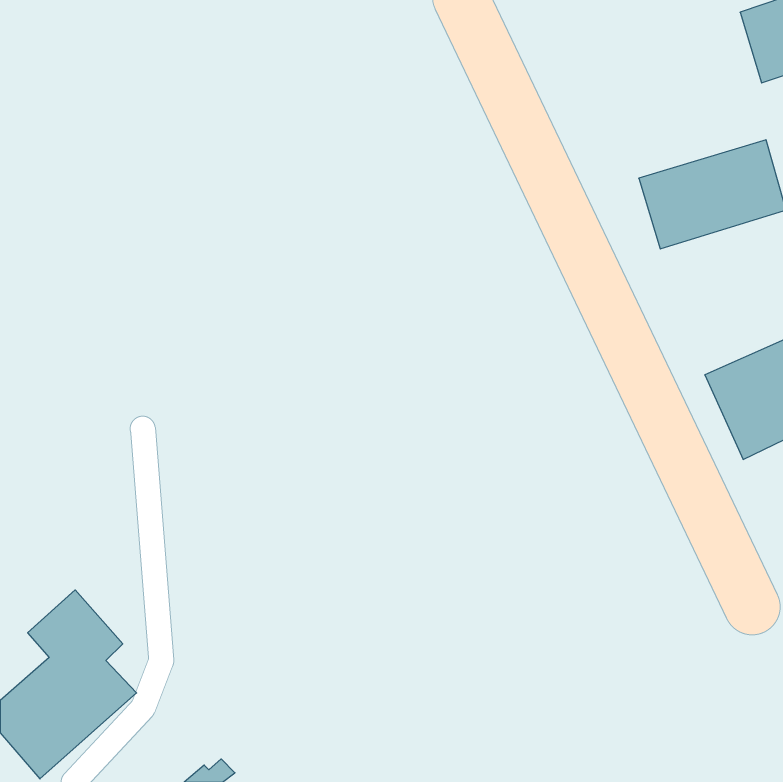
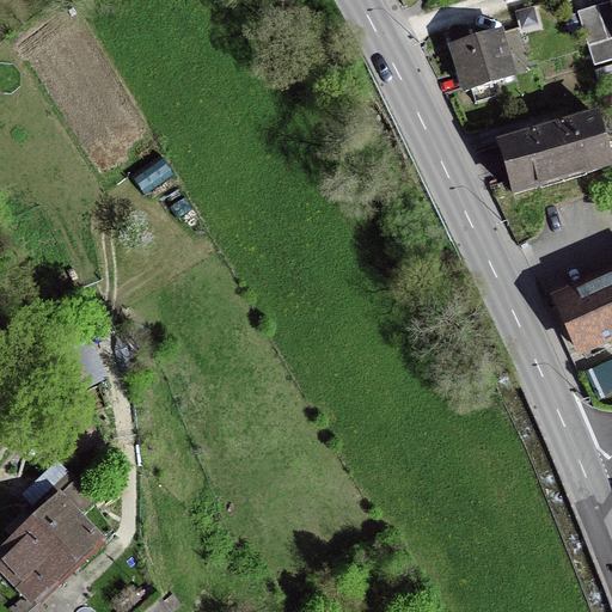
building: none -> [448,25,519,92]

